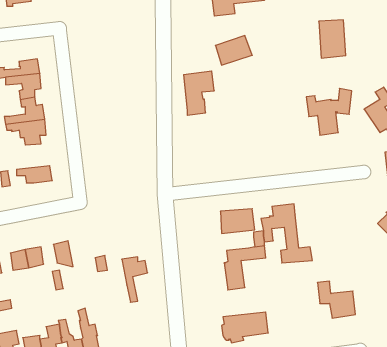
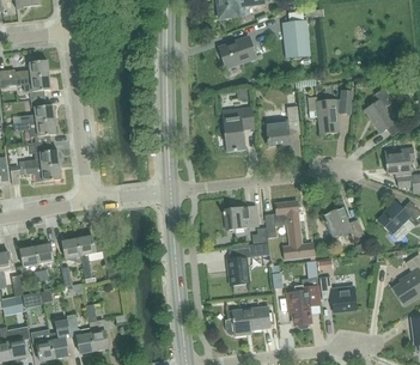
building: [319,20,346,58] -> [284,14,310,51]
building: [184,71,214,115] -> [224,108,254,151]
building: none -> [267,105,300,146]
building: none -> [25,142,59,168]
building: none -> [324,207,364,238]
building: [122,257,148,302] -> [77,235,102,279]
building: none -> [287,276,321,328]

